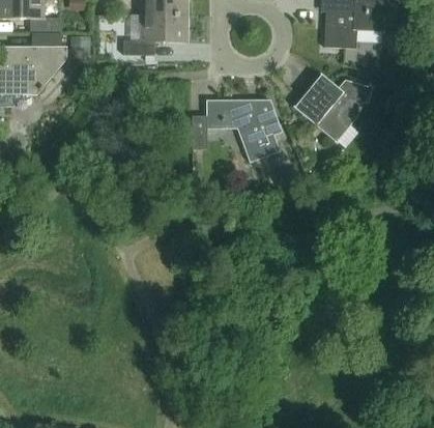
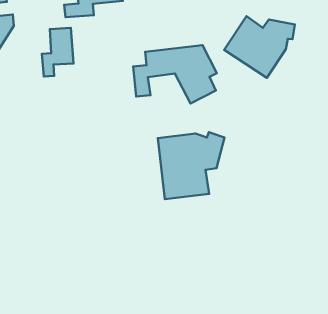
building: none -> [42,28,74,76]
building: none -> [158,132,224,199]

